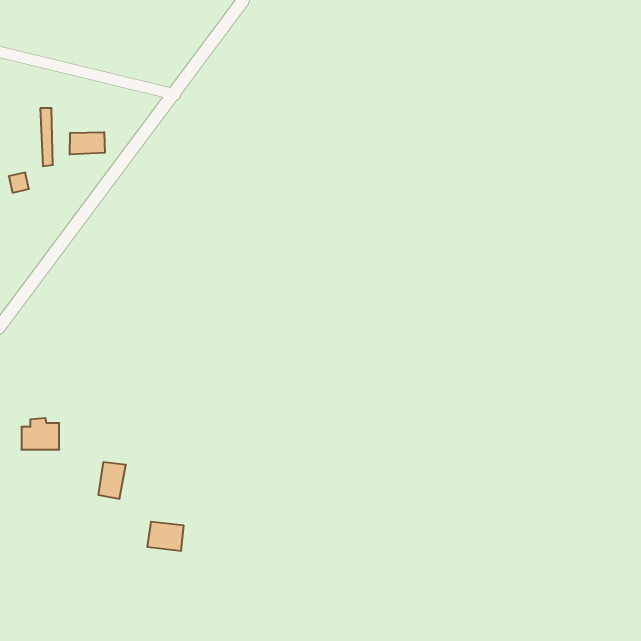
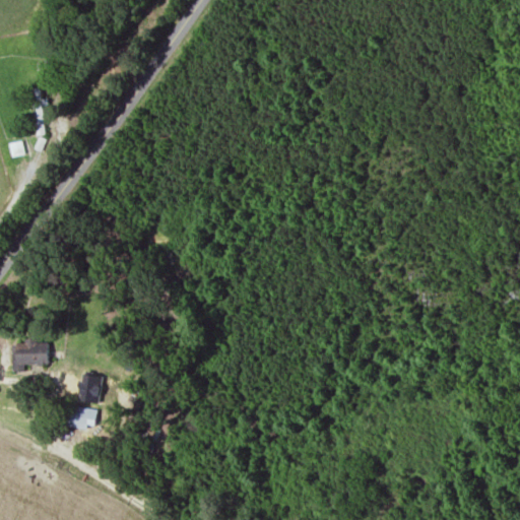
building: [70,132,105,155] -> none
building: [147,522,184,551] -> [67,406,96,430]

